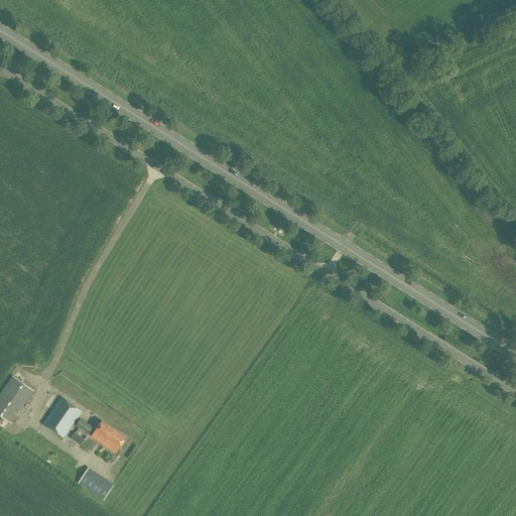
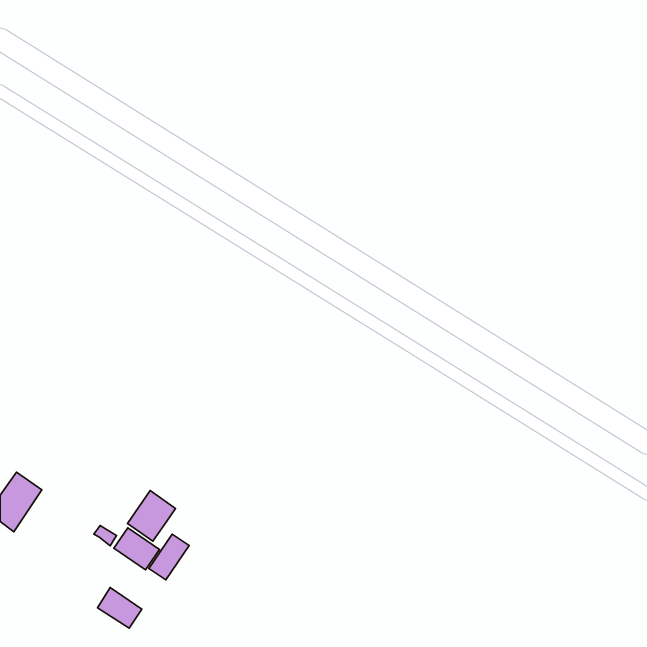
building: [43,397,82,437] -> [127,491,176,541]
building: none -> [149,534,189,580]

